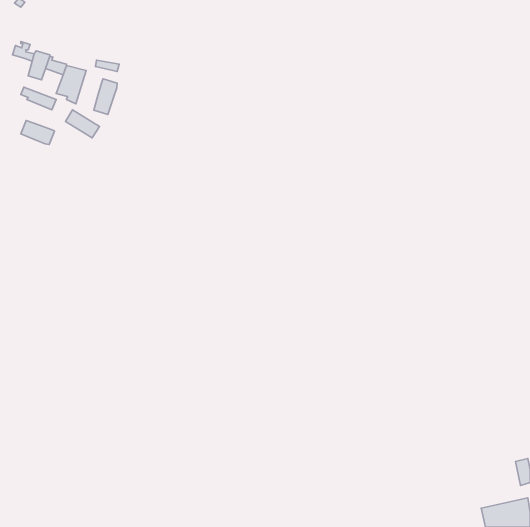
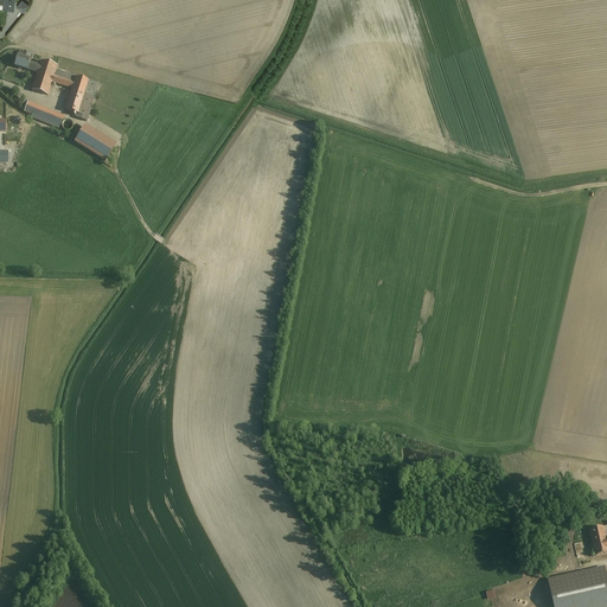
building: [94,79,117,115] -> none
building: [21,120,55,144] -> none

